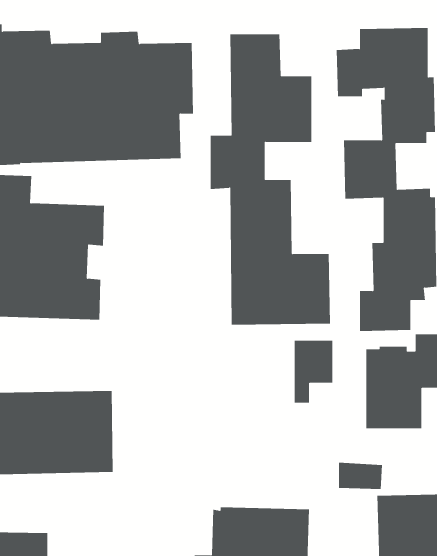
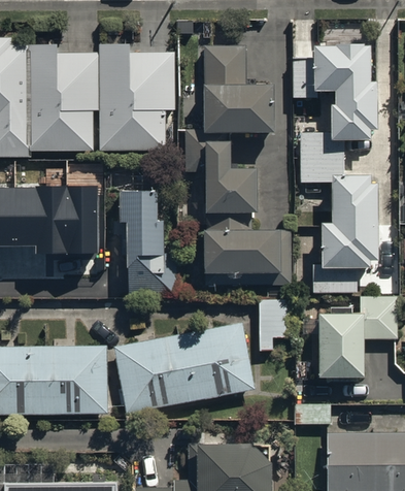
building: none -> [120,188,176,299]
building: none -> [112,322,258,416]

